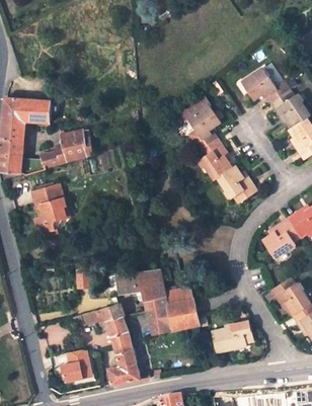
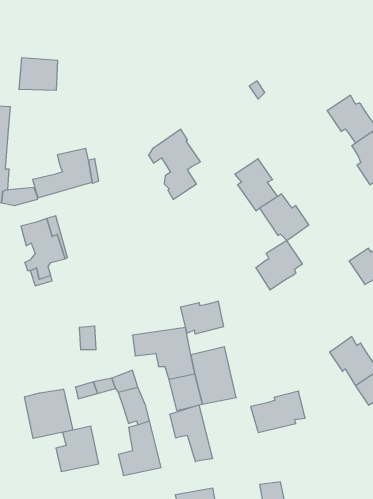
building: [242,69,289,101] -> none
building: [179,96,220,151] -> [148,129,200,199]
building: [21,98,52,124] -> [19,58,58,90]
building: [263,219,300,257] -> [256,241,302,290]
building: none -> [181,301,223,334]
building: none -> [25,389,73,438]
building: none -> [170,405,212,462]

